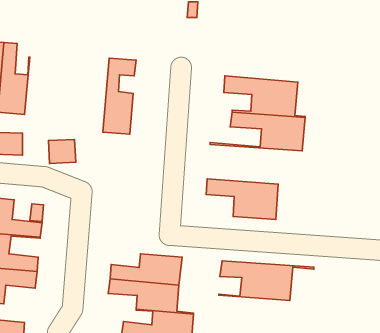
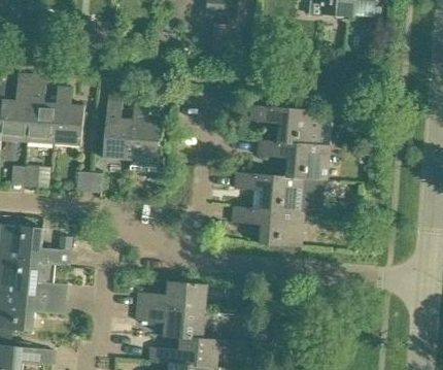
building: none -> [103,86,136,161]
building: none -> [53,87,82,146]
building: [219,261,314,300] -> [233,173,327,212]

